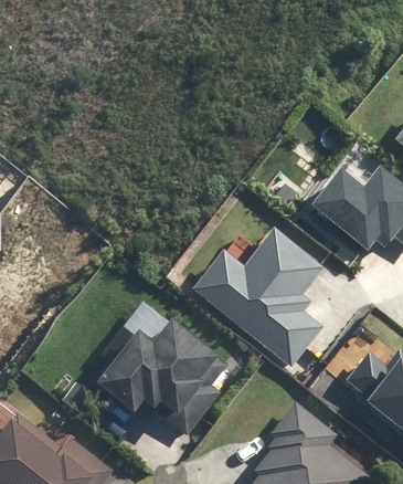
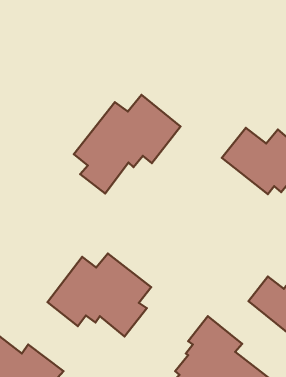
building: none -> [74,95,180,194]
building: [192,230,324,367] -> none

